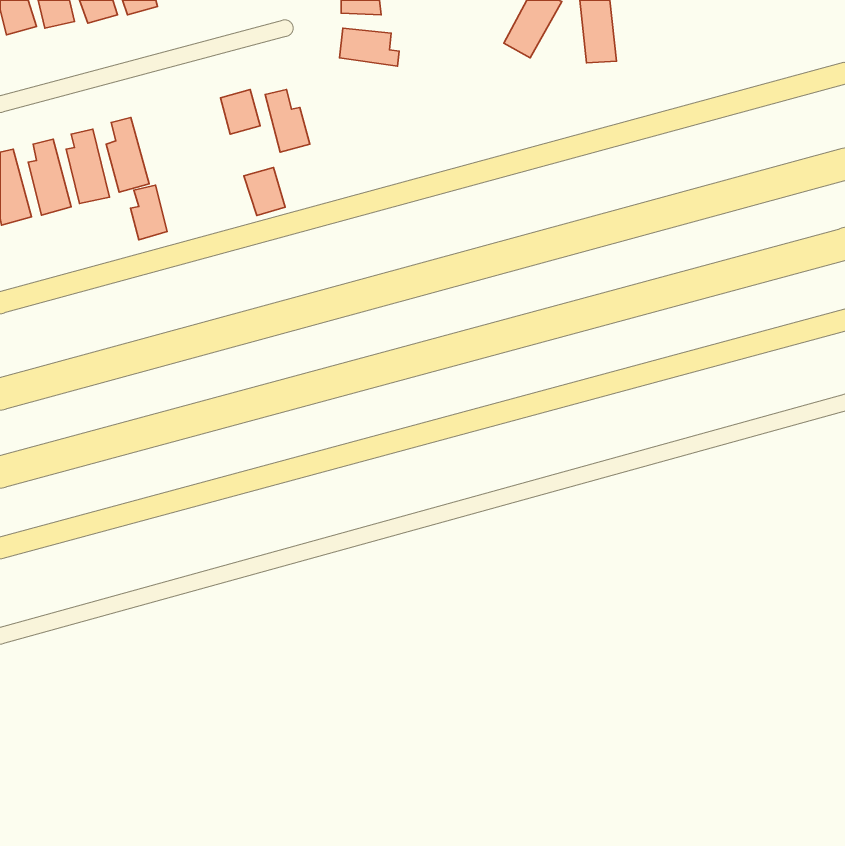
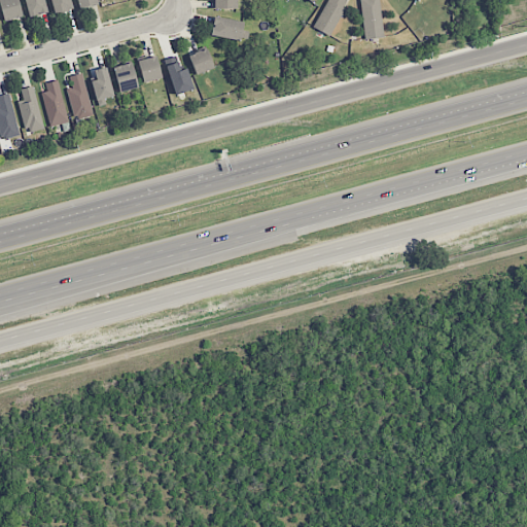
building: none -> [189,48,215,75]
building: [244,168,285,216] -> [113,63,139,93]
building: [131,185,167,240] -> [92,67,114,101]

